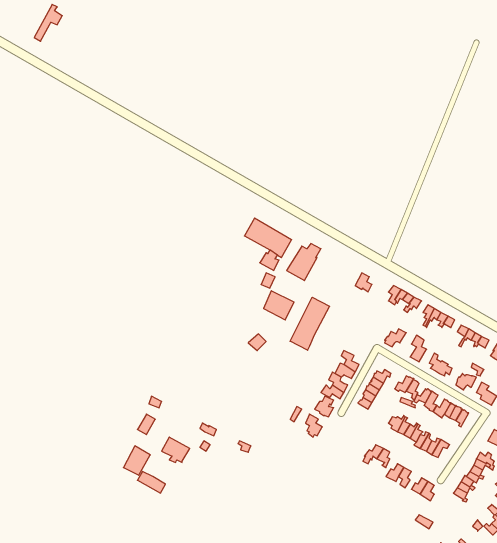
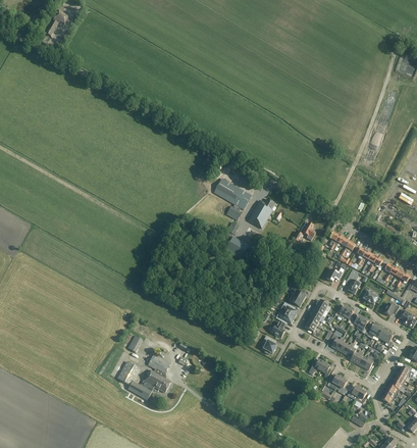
building: [290,297,330,350] -> none
building: none -> [141,368,171,392]

